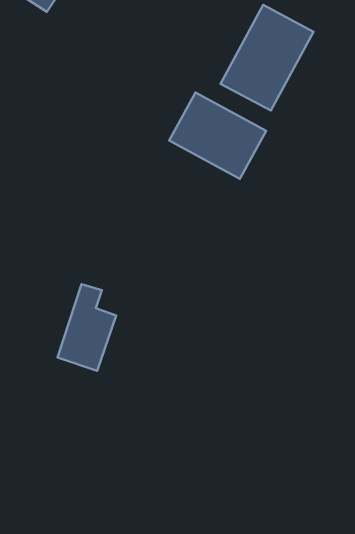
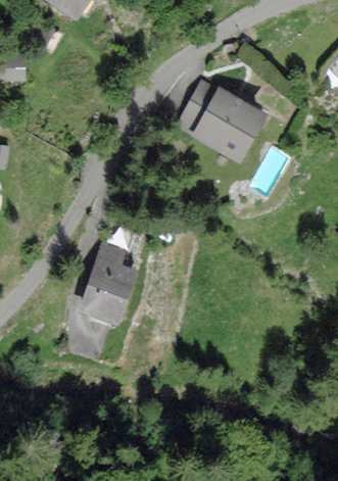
building: [221,5,314,111] -> none

